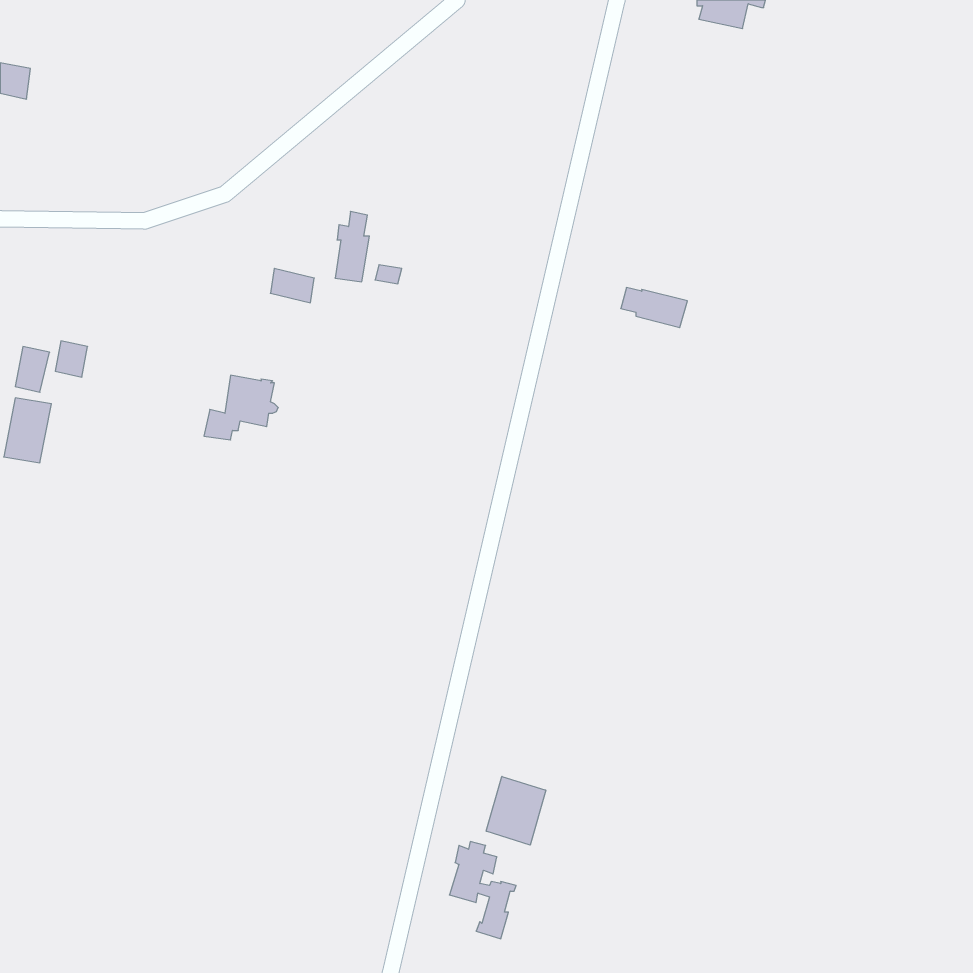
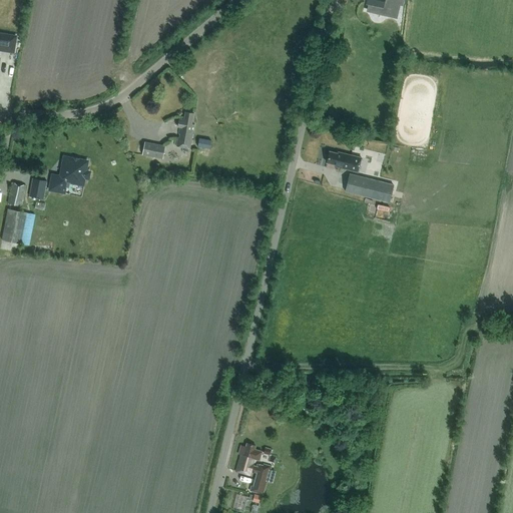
building: none -> [345,174,394,202]
building: [204,375,278,440] -> [50,157,89,191]
building: [486,776,546,845] -> none

